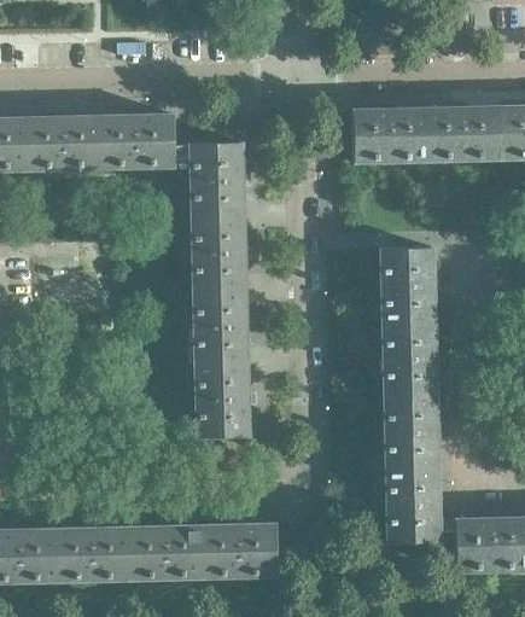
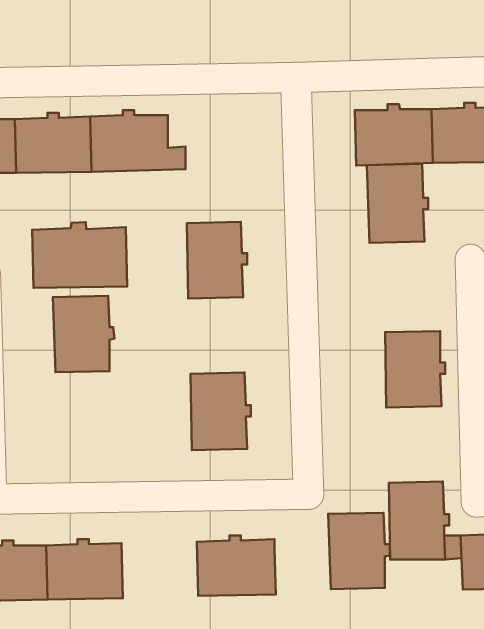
building: [188,144,247,220] -> none
building: none -> [32,222,127,288]
building: [379,249,438,325] -> [367,164,428,243]
building: [192,291,251,365] -> [53,296,114,372]
building: [383,396,442,470] -> [328,513,390,589]
building: [128,522,202,581] -> none

